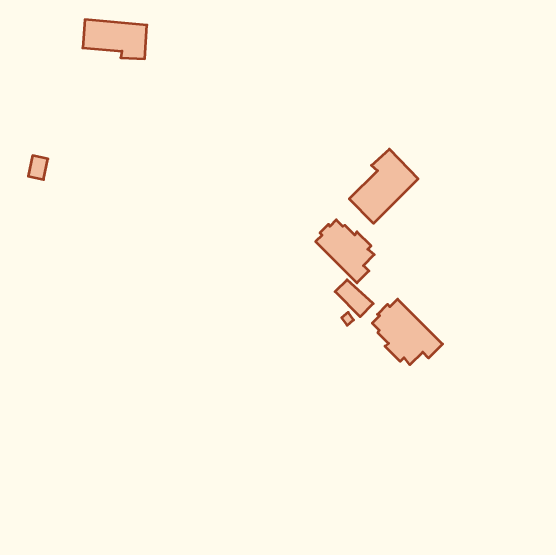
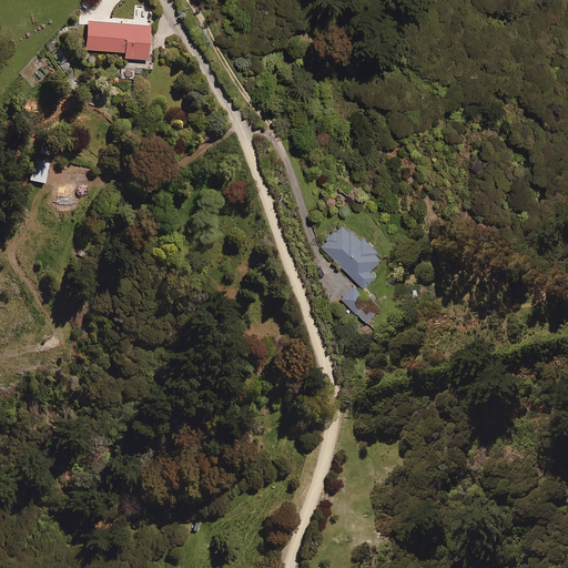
building: [349,149,418,223] -> none
building: [372,299,443,365] -> none

